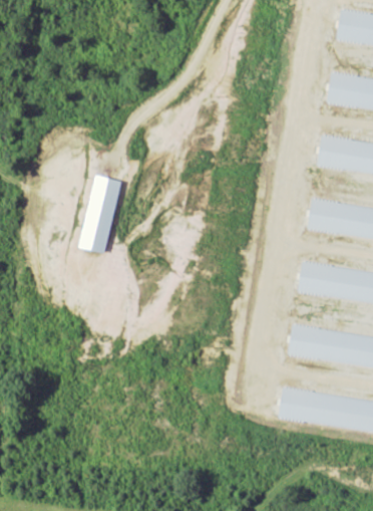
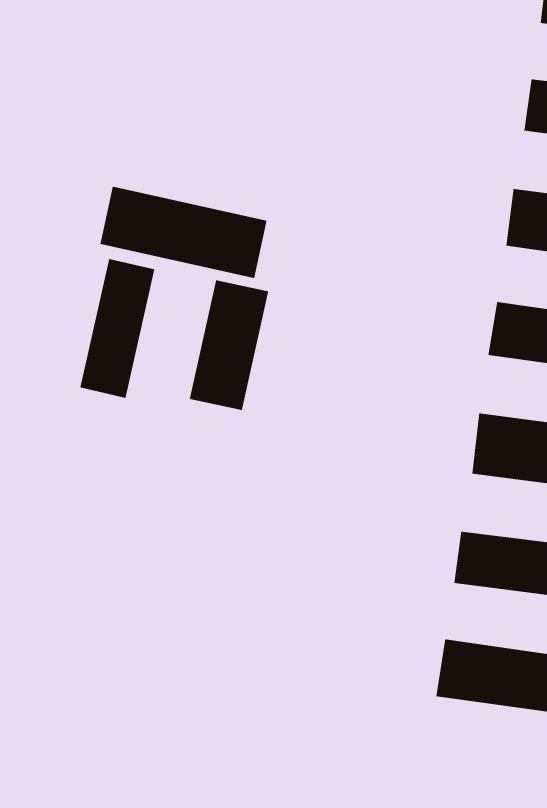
building: none -> [100,186,267,279]
building: none -> [189,280,269,411]

